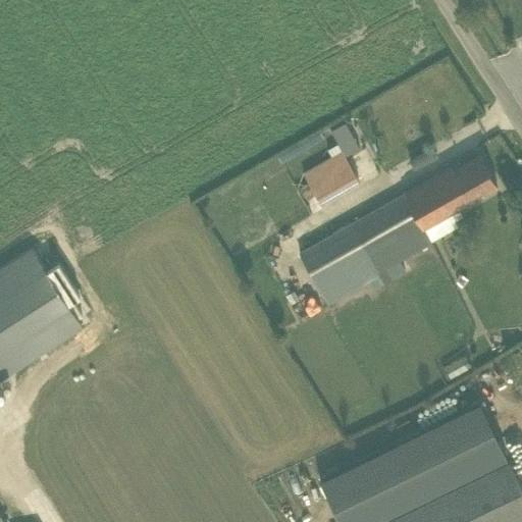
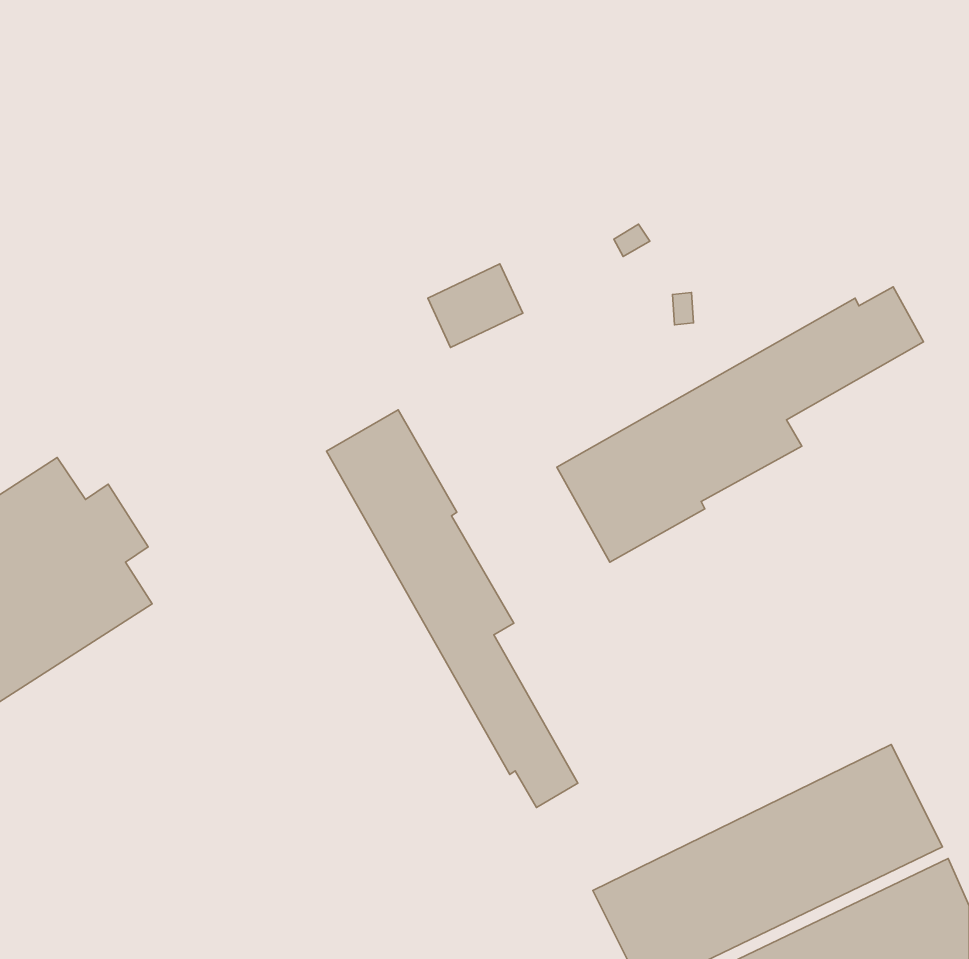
building: [308,155,359,200] -> [428,264,523,348]
building: none -> [327,410,578,808]

